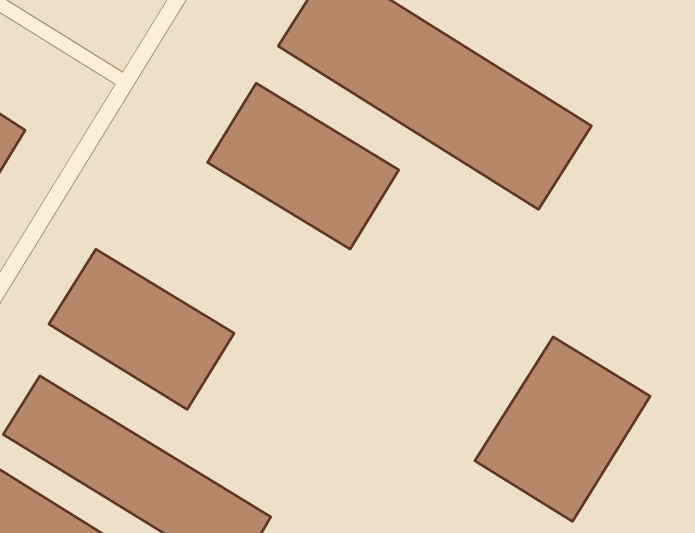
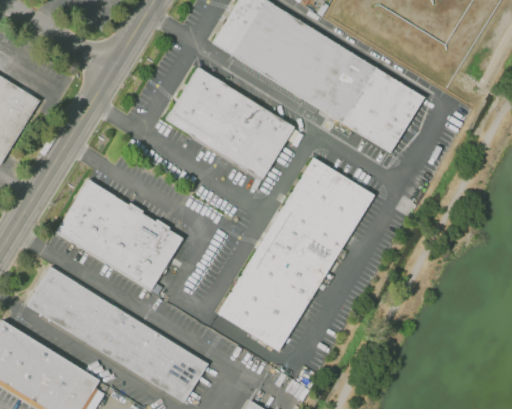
building: none -> [216,157,375,352]
building: [475,337,650,522] -> none

